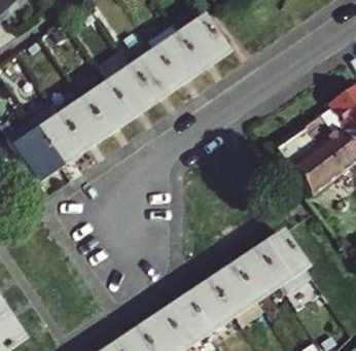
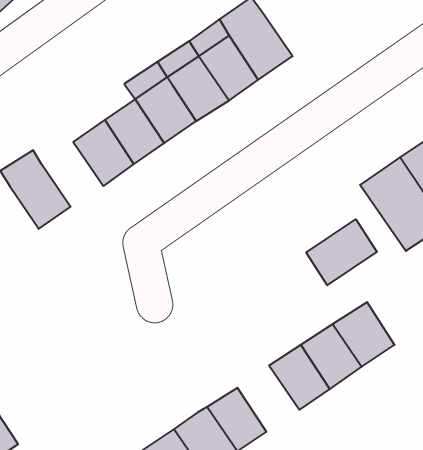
building: [39,113,85,162] -> none
building: none -> [306,219,377,285]
building: [185,280,232,329] -> none

